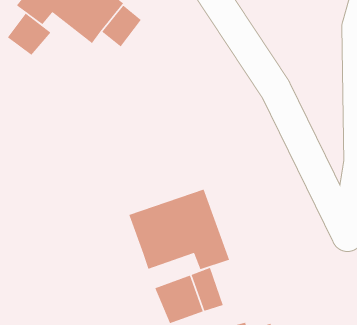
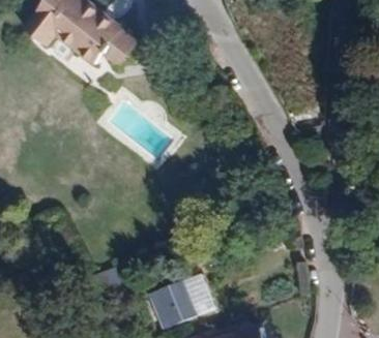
building: [7,13,51,56] -> none
building: [128,189,230,270] -> none

